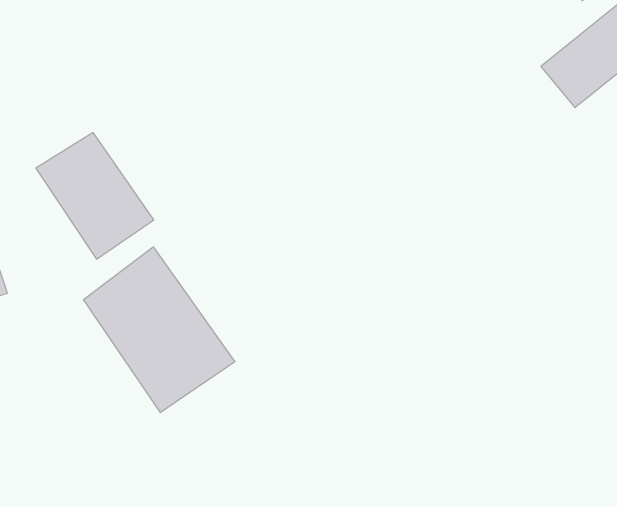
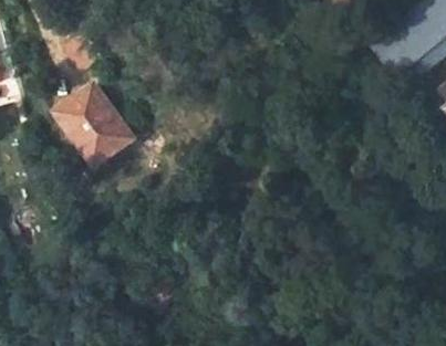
building: [84,247,235,413] -> none

